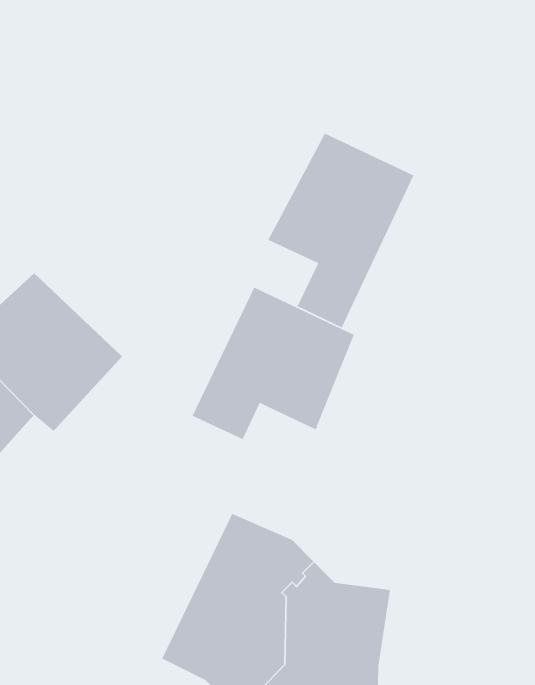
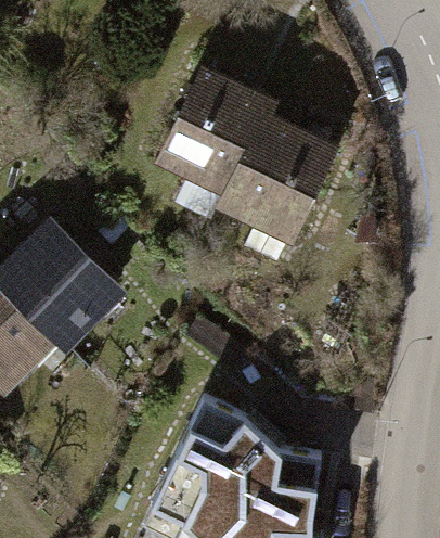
building: none -> [167,78,273,189]
building: [192,286,355,440] -> none

